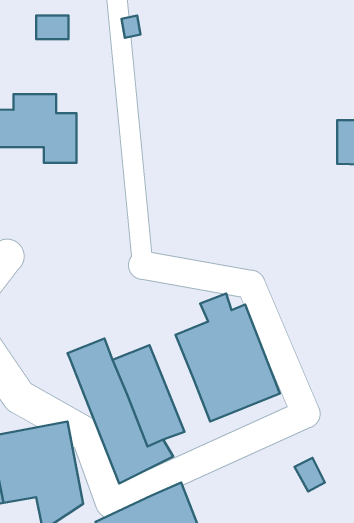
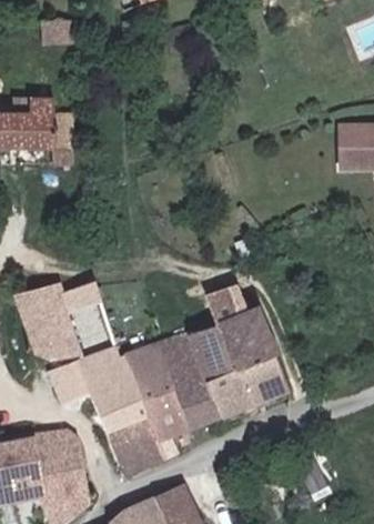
building: none -> [14,284,112,364]
building: none -> [156,335,216,431]
building: none -> [52,359,92,404]

